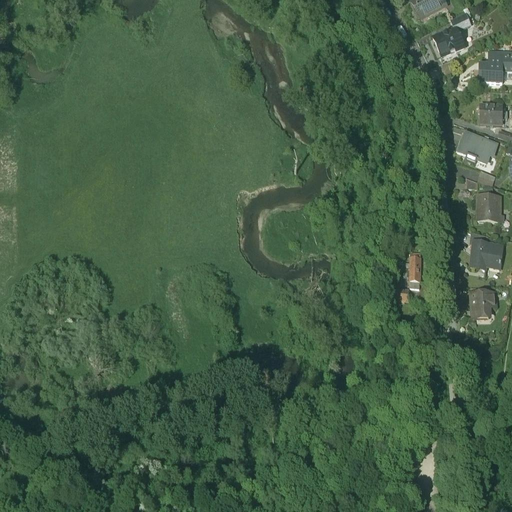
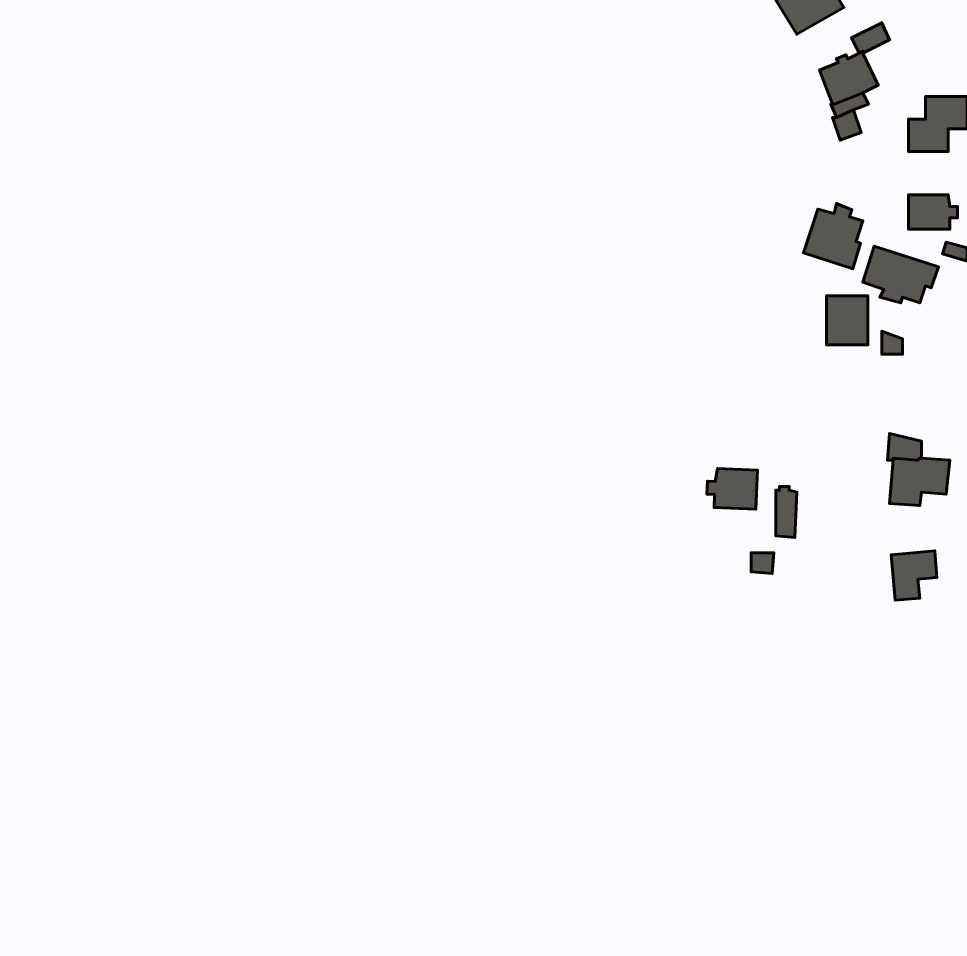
building: none -> [803,204,863,269]
building: [477,193,499,219] -> [826,296,868,345]
building: none -> [707,468,758,509]

